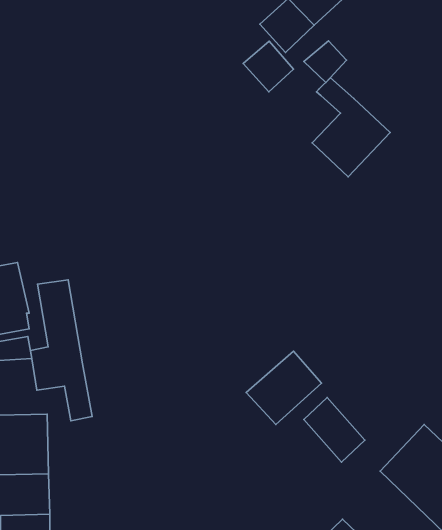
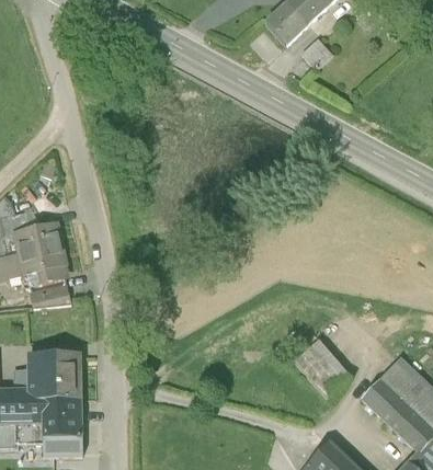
building: [243,41,294,92] -> none
building: [312,78,390,177] -> none
building: [30,280,92,421] -> none
building: [246,351,322,424] -> none

